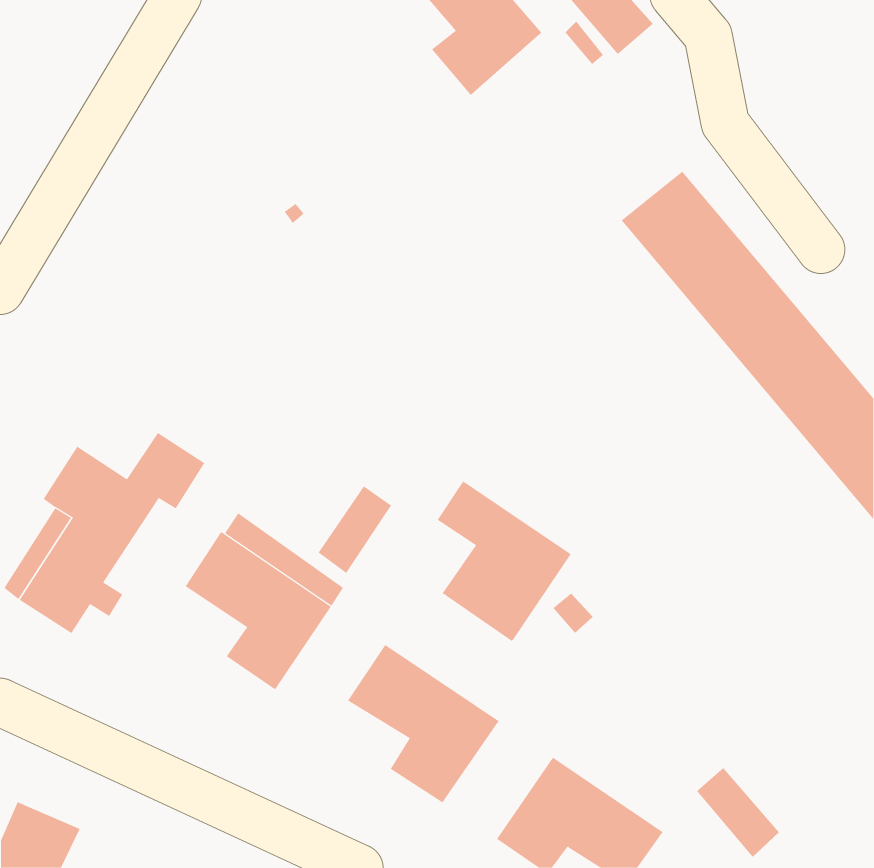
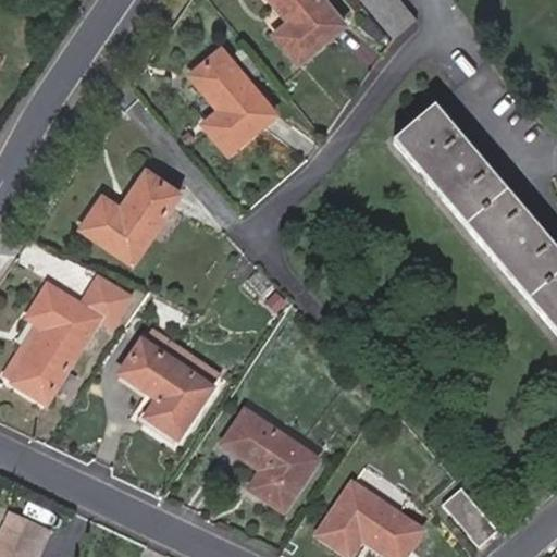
building: none -> [190,46,275,150]
building: none -> [82,168,181,261]
building: [437,481,572,642] -> none
building: [318,486,392,574] -> none

